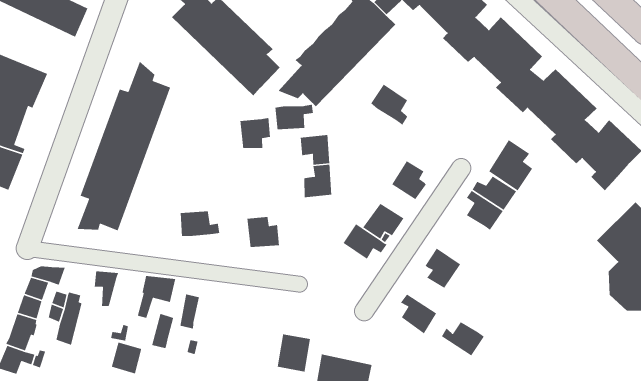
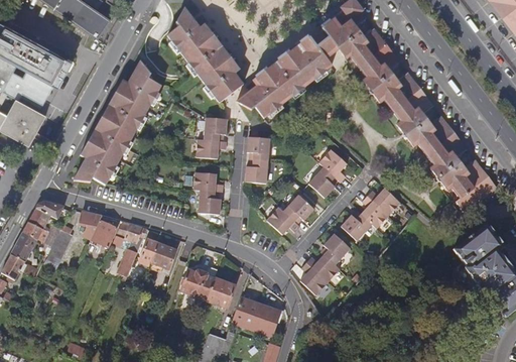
building: [370,84,408,126] -> [319,148,348,182]
building: [274,104,314,130] -> [198,139,227,158]
building: [488,139,533,192] -> none
building: [180,211,220,237] -> [194,171,223,192]
building: none -> [341,214,373,241]
building: none -> [149,243,173,268]
building: none -> [180,264,218,300]
building: [441,321,485,356] -> [308,255,341,282]
building: [111,342,142,374] -> [90,220,115,246]

